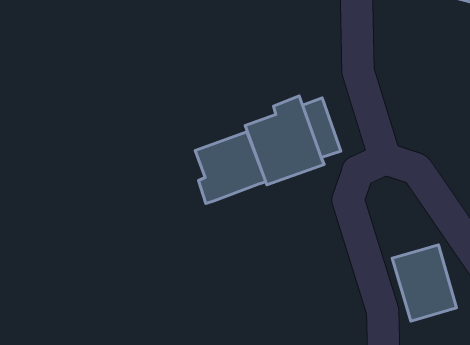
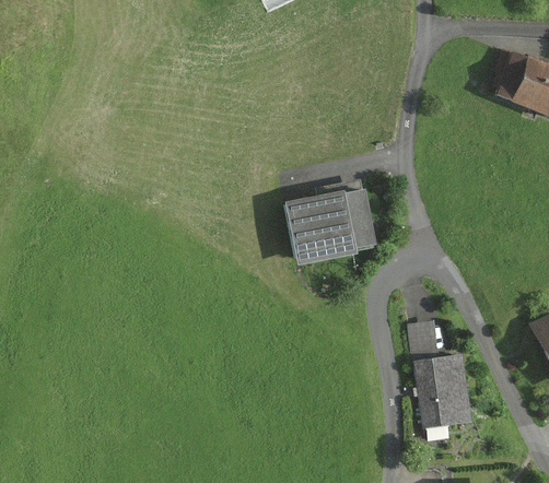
building: [195,132,266,204] -> none
building: none -> [409,321,440,361]

